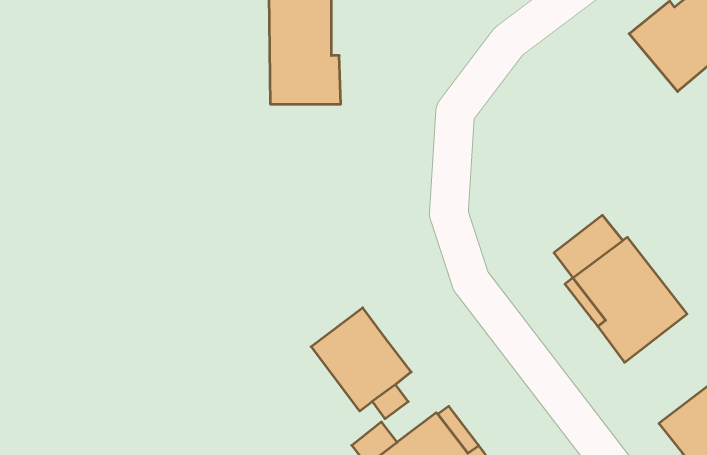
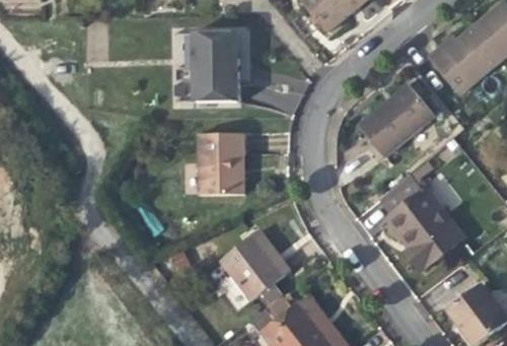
building: none -> [358,83,434,155]
building: none -> [199,132,243,194]

